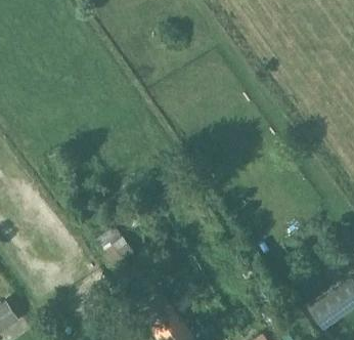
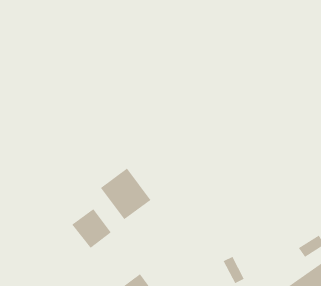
building: none -> [100,168,152,220]

